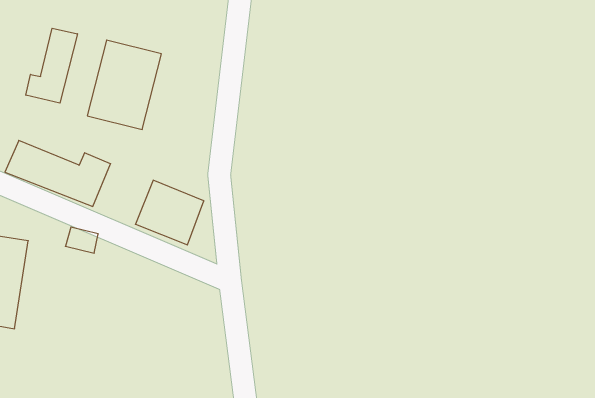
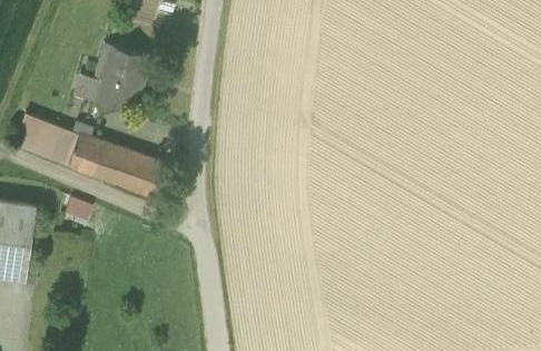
building: [26,28,77,103] -> none
building: none -> [90,142,139,191]

